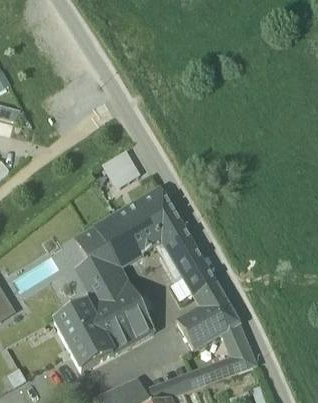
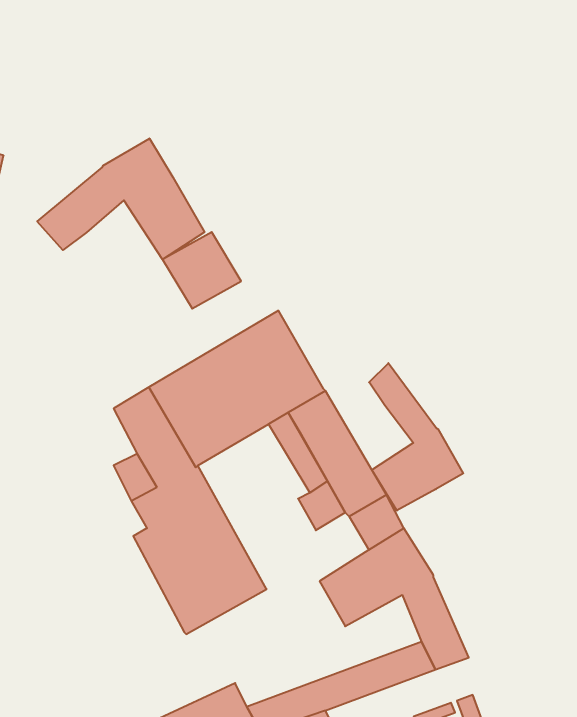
building: none -> [37,138,204,260]
building: none -> [369,363,463,511]
building: [54,303,113,370] -> none

